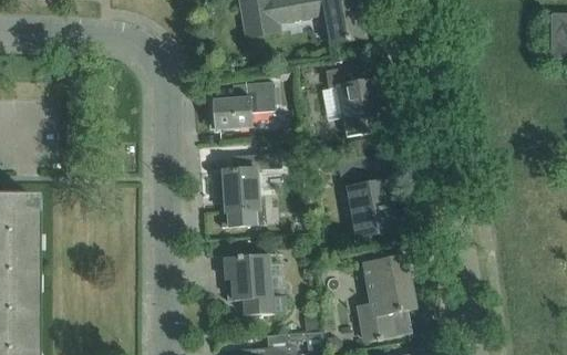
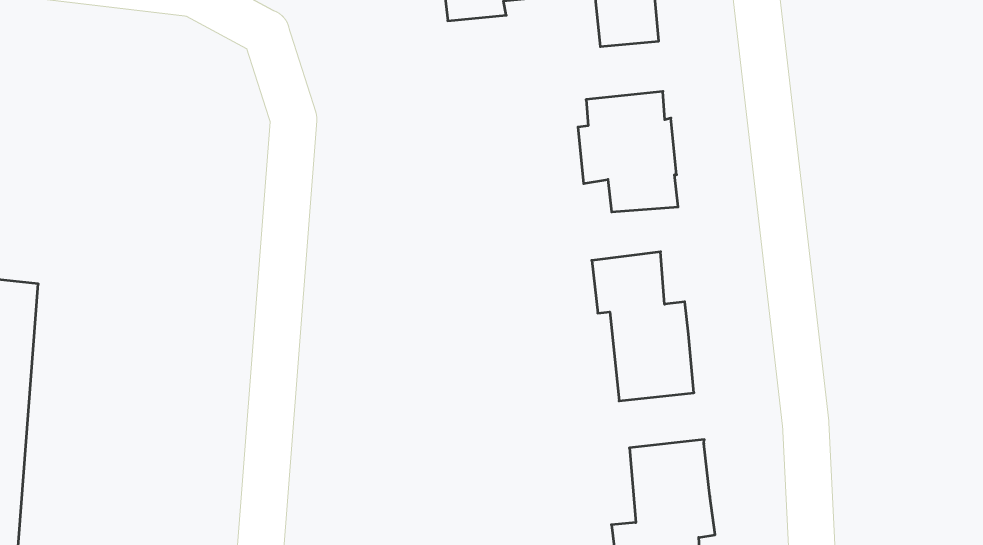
building: [215,83,277,130] -> none
building: [223,152,282,227] -> none
building: [226,255,288,315] -> none

